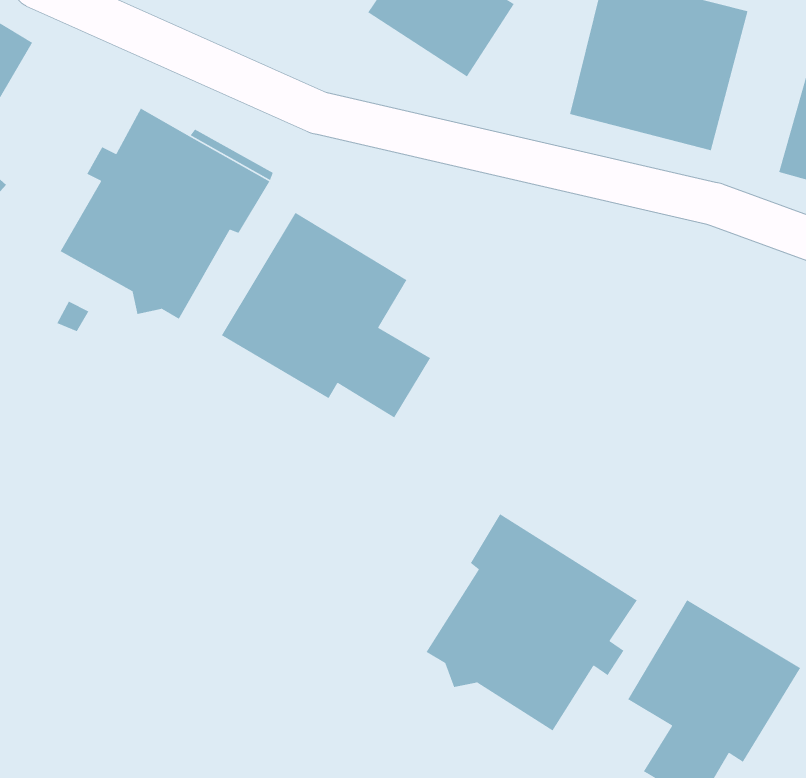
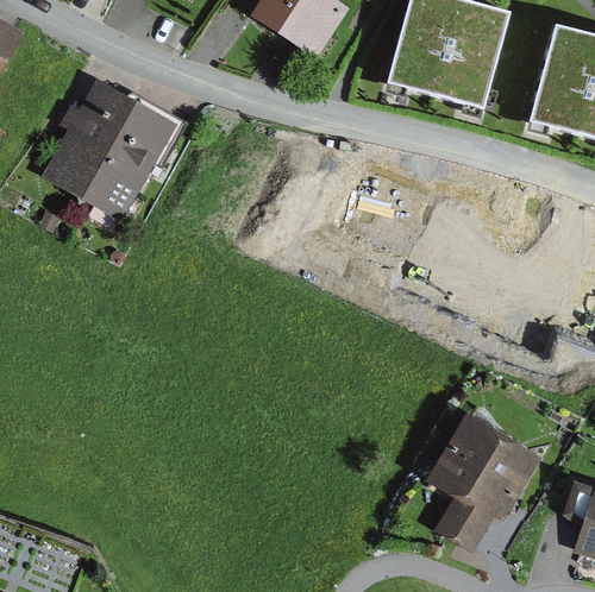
building: [221,212,431,418] -> none
building: [425,513,638,732] -> none

